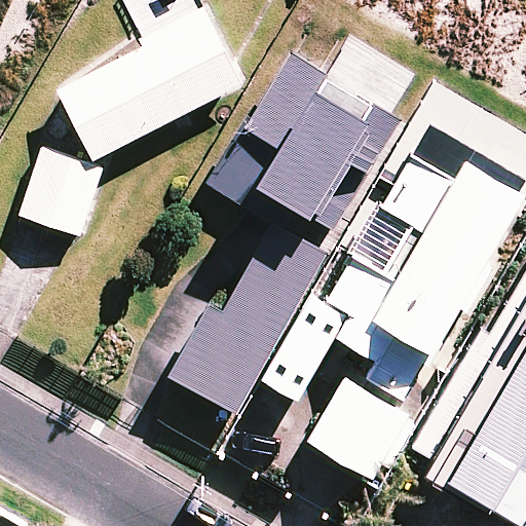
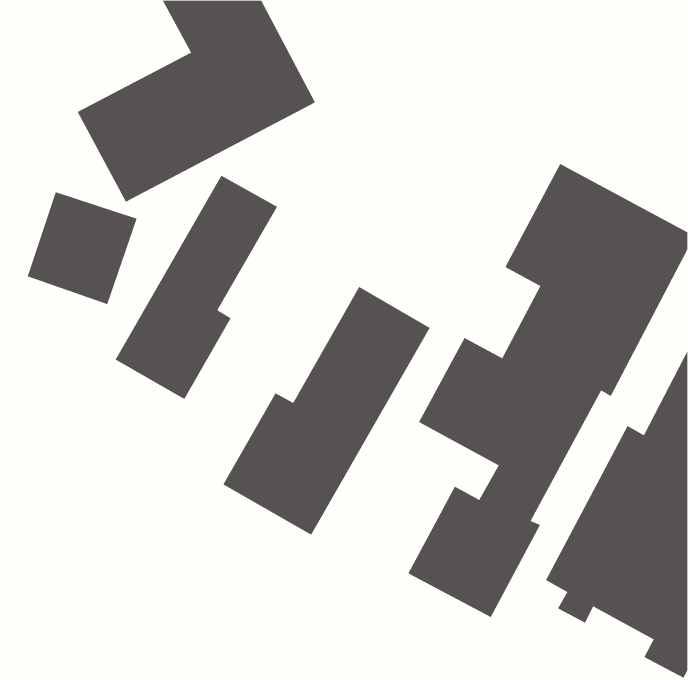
building: [206,45,415,230] -> none
building: none -> [115,175,278,400]

